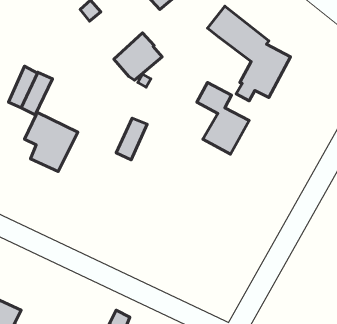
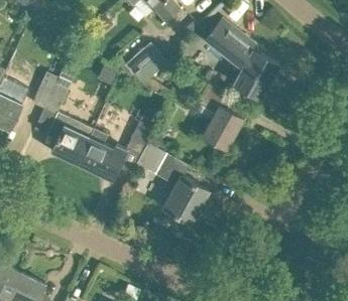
building: none -> [77,129,127,181]
building: none -> [137,144,209,224]

